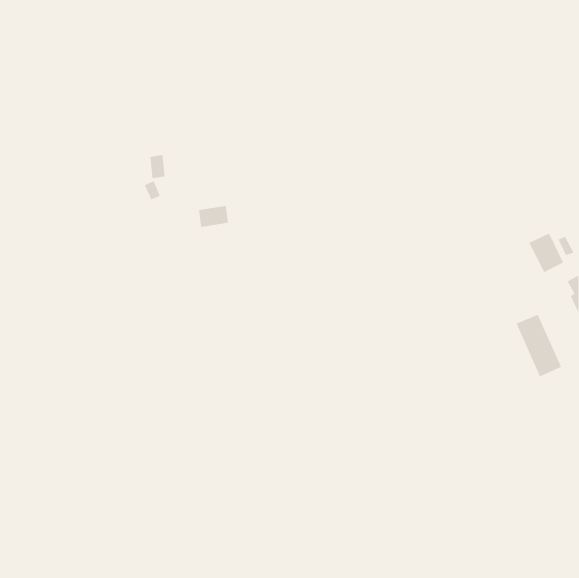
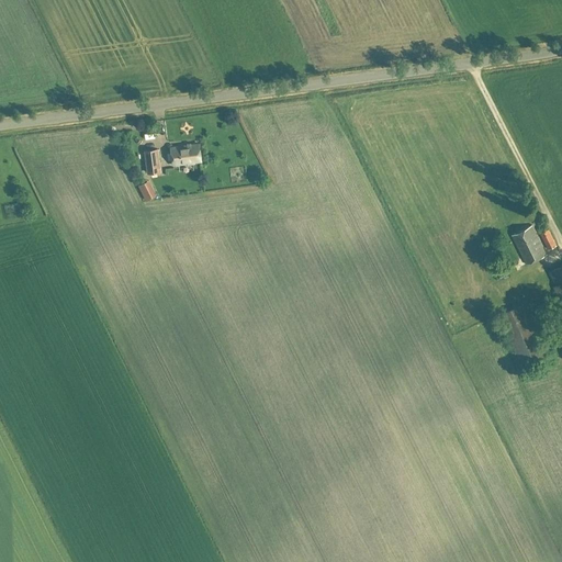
building: [198,205,229,228] -> [171,144,201,166]

